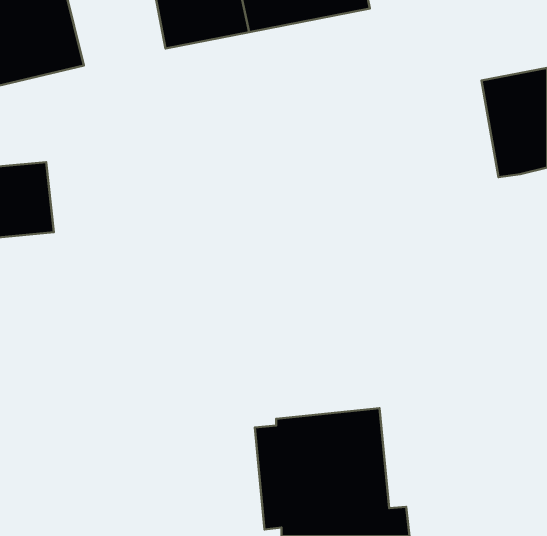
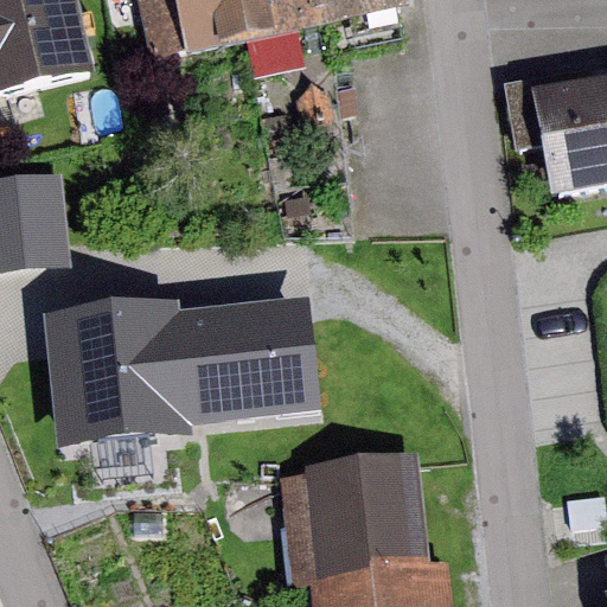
building: none -> [57,309,307,435]

